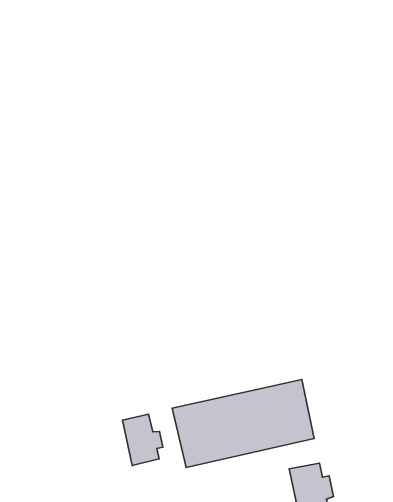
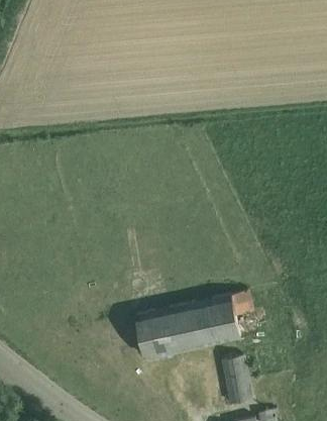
building: [123,414,163,465] -> none

